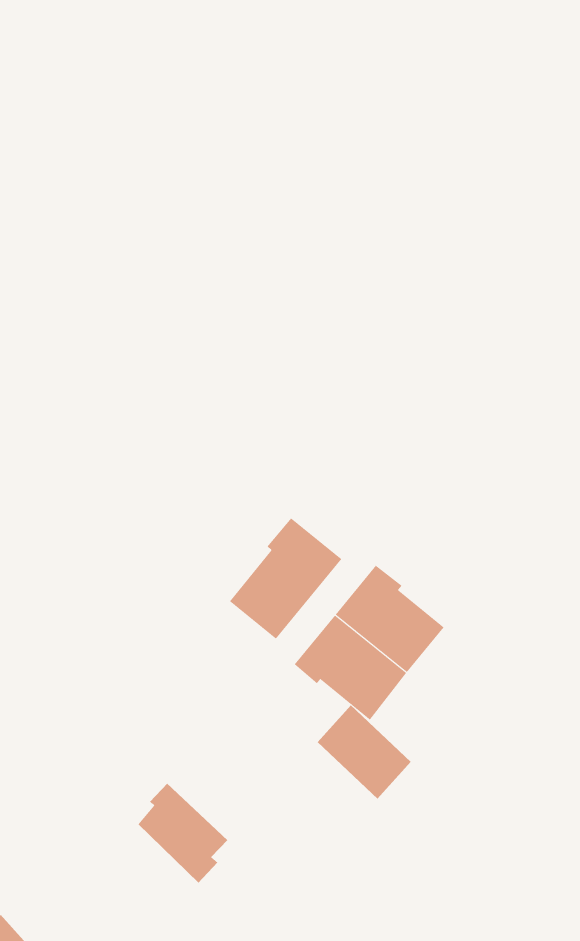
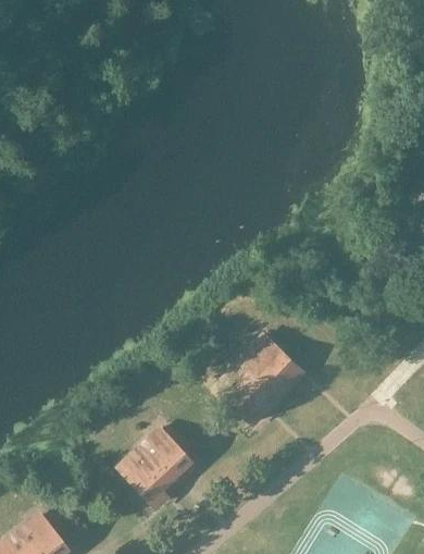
building: [229,517,342,639] -> none
building: [317,705,411,799] -> [140,427,192,481]

